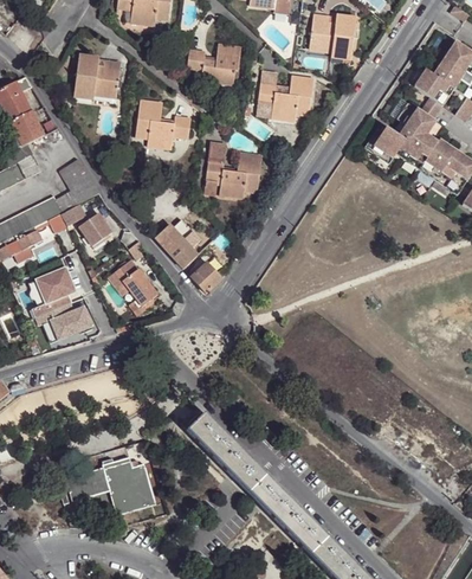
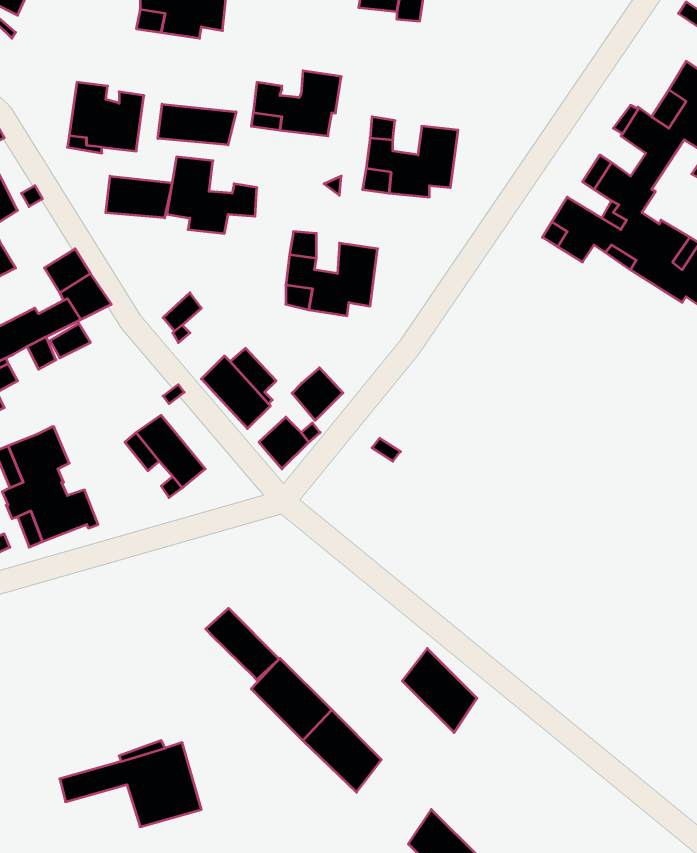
building: [311,17,357,54] -> none
building: none -> [158,104,236,145]
building: none -> [106,176,172,218]
building: [78,212,112,245] -> none
building: none -> [292,368,343,420]
building: none -> [206,608,279,680]
building: [251,472,297,525] -> [402,648,477,733]

